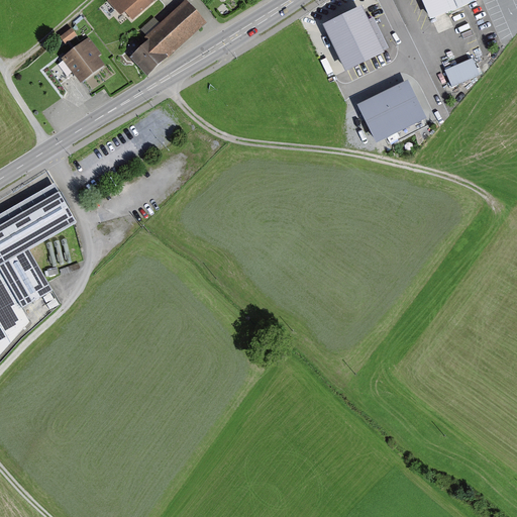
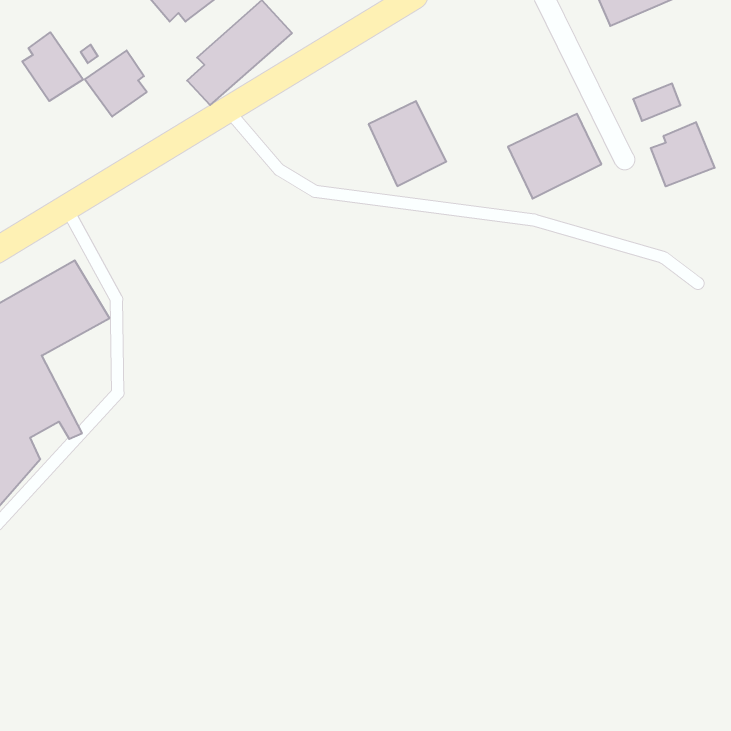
building: [324,7,379,67] -> [369,101,446,186]
building: none -> [22,32,83,101]
building: none -> [651,122,715,186]

